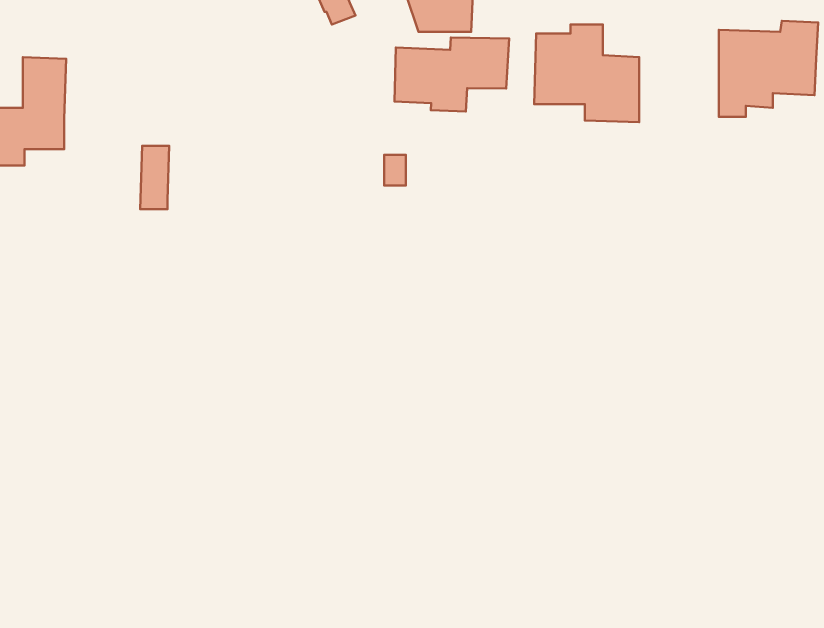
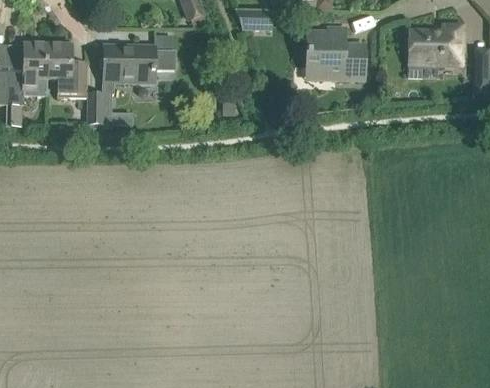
building: [394,37,509,112] -> none
building: none -> [46,45,87,97]
building: none -> [104,45,175,82]

